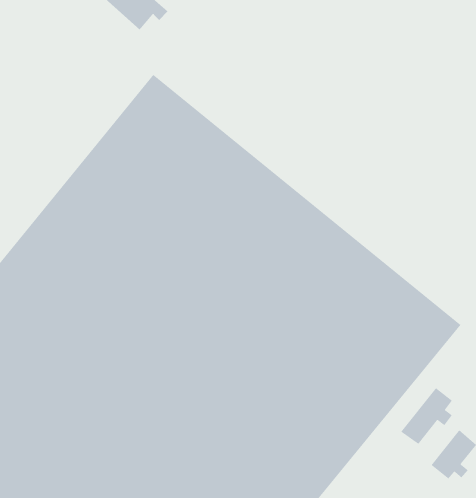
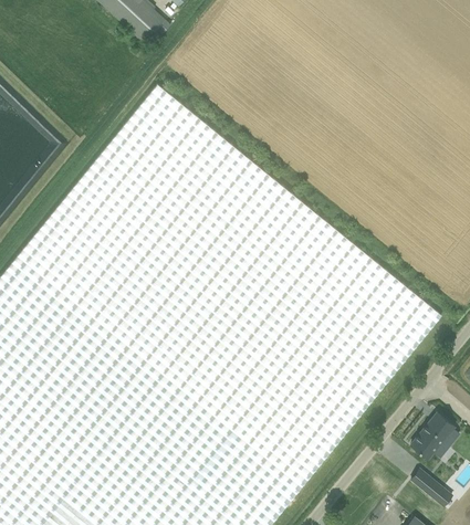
building: [400,387,453,445] -> none

